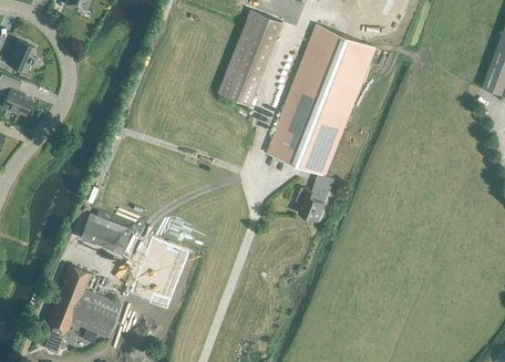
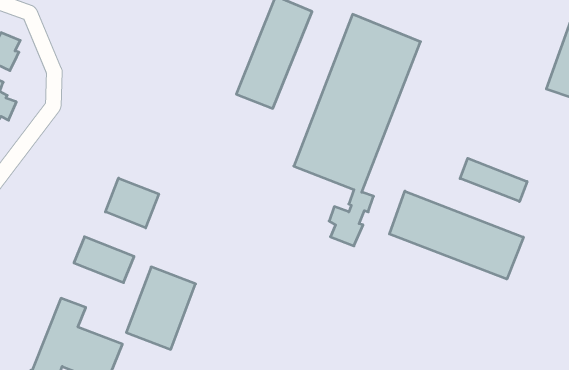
building: none -> [460,158,527,202]
building: none -> [105,178,159,228]
building: none -> [389,191,523,279]

